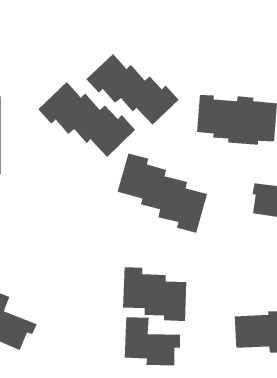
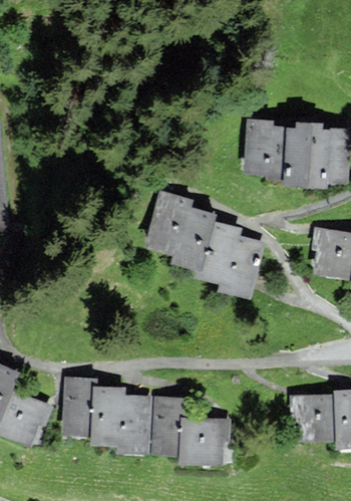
building: [86,53,179,126] -> none
building: [38,81,136,158] -> none
building: [122,266,187,322] -> [65,380,146,449]

